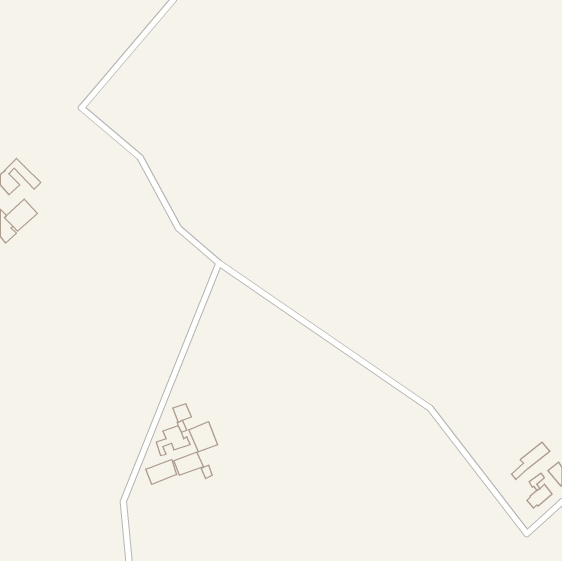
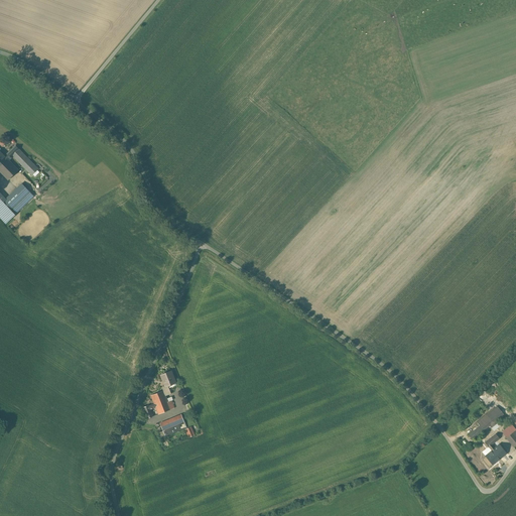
building: [189,422,218,452] -> none
building: [146,460,177,484] -> none

